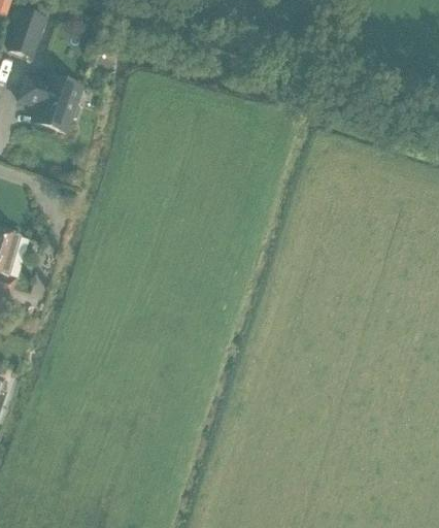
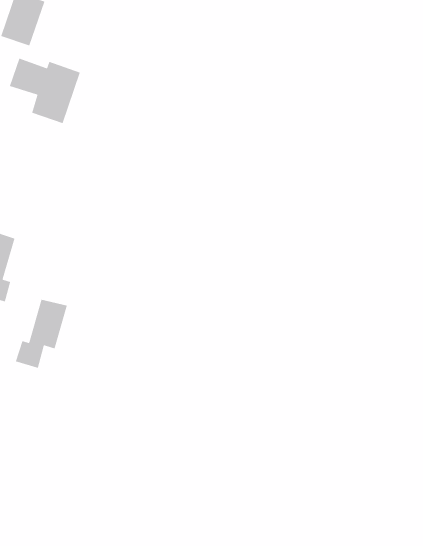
building: none -> [15,299,68,369]

